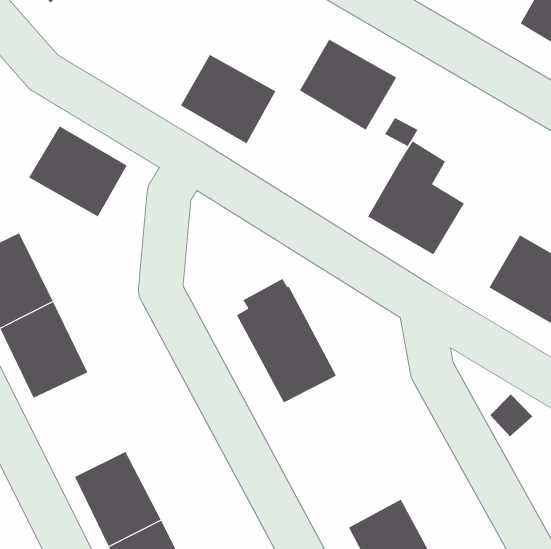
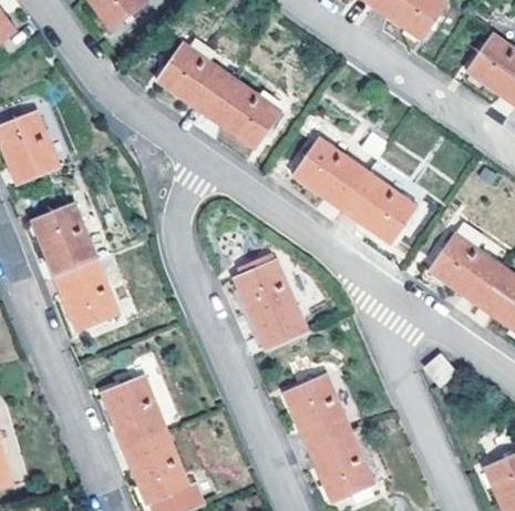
building: [299,39,397,131] -> [291,137,367,209]
building: [28,126,128,217] -> [153,42,229,114]
building: none -> [285,372,350,446]

